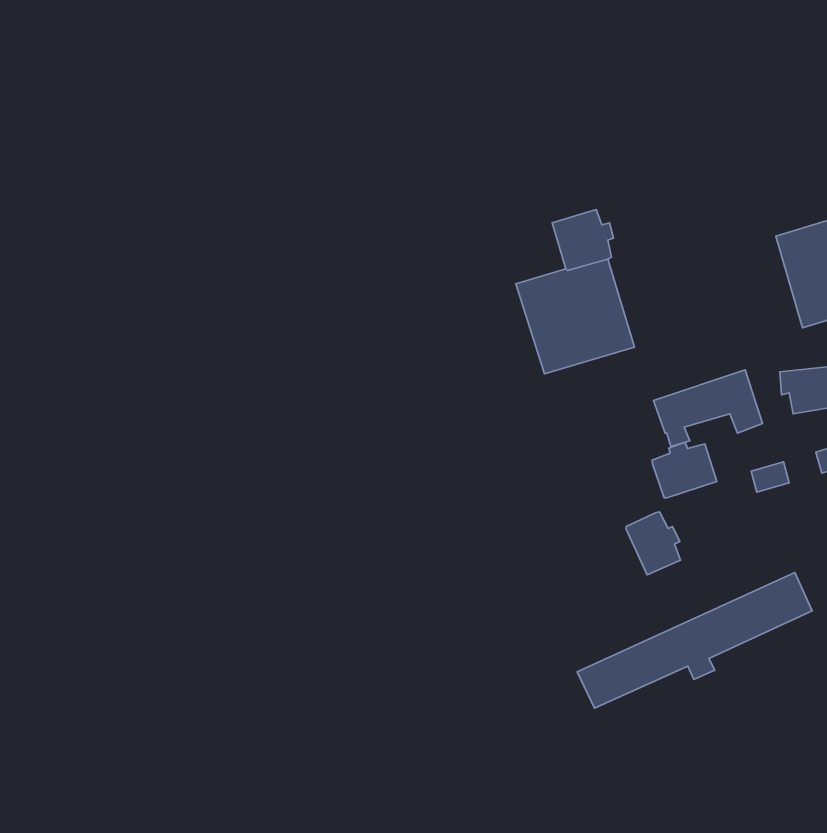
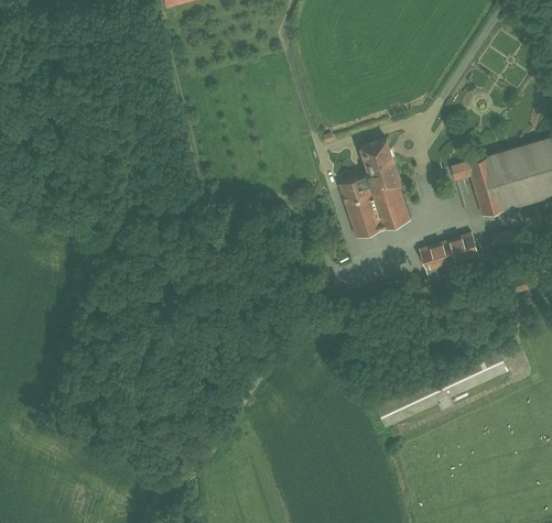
building: none -> [452,156,505,216]
building: [652,442,717,498] -> none
building: [626,512,681,575] -> none

